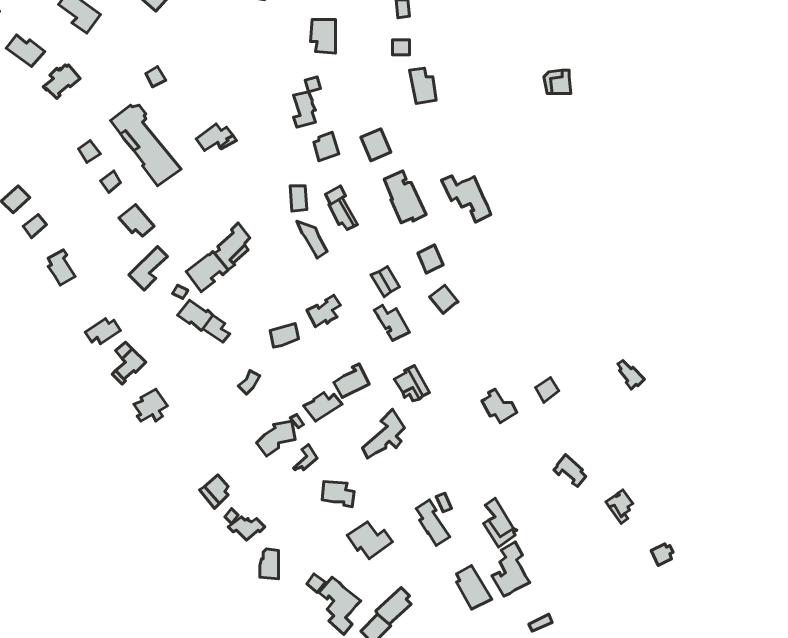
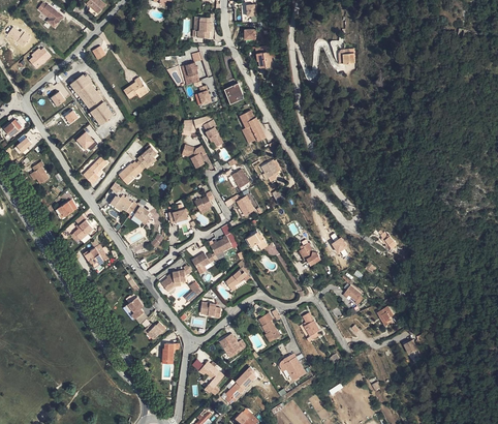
building: [442,176,491,222] -> none
building: [492,542,530,596] -> none

